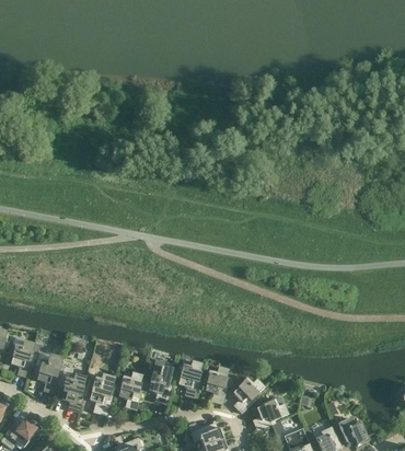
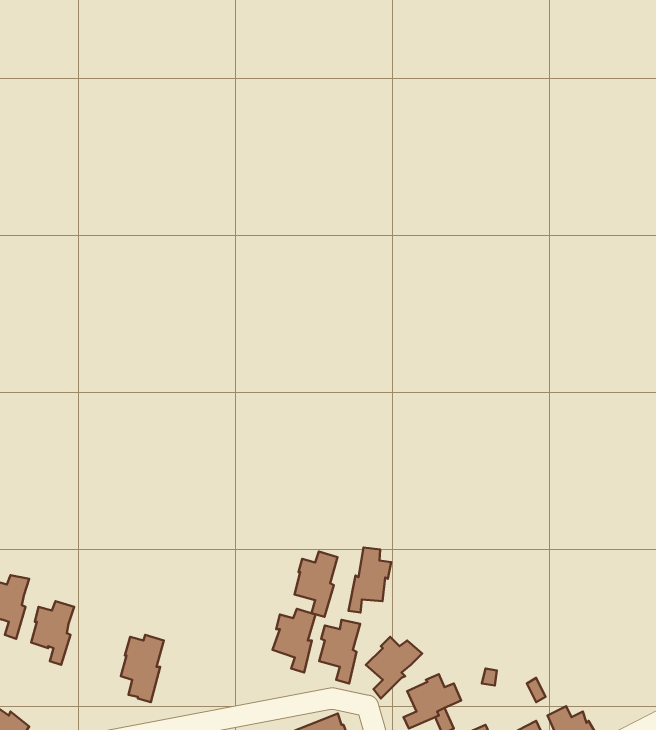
building: none -> [349,548,391,613]
building: [148,366,173,404] -> [295,551,338,617]
building: [118,372,142,409] -> none
building: [56,373,85,412] -> none

